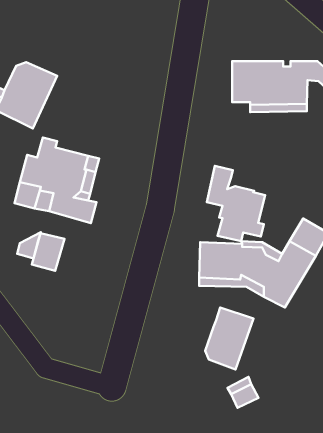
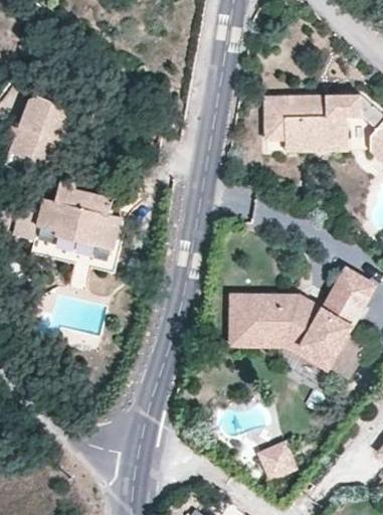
building: [207,166,265,241] -> none
building: [32,233,64,271] -> none
building: [205,308,253,369] -> none

